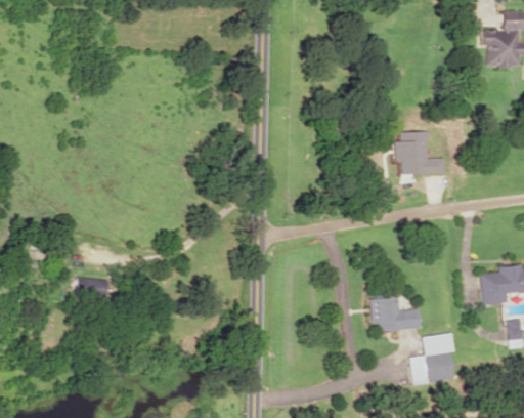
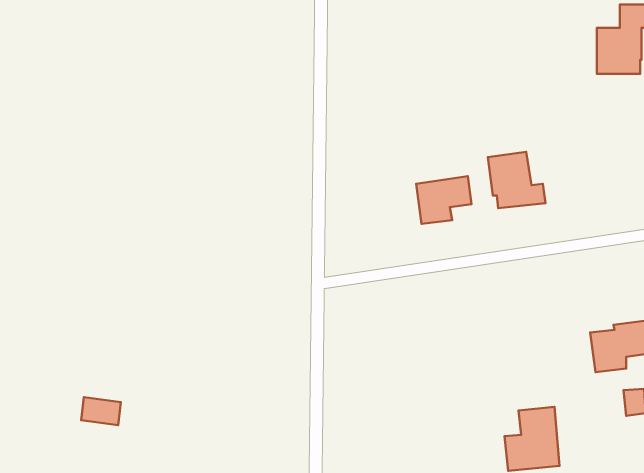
building: none -> [416,176,471,224]
building: [78,277,110,299] -> [81,397,121,425]
building: [372,287,421,332] -> none

